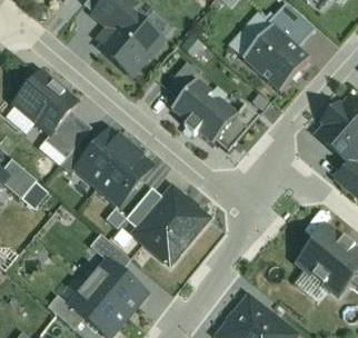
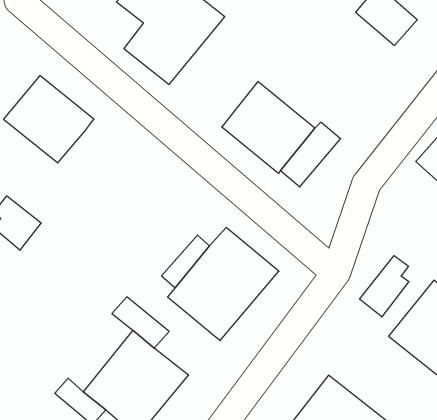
building: [238,23,307,91] -> none
building: [43,111,89,158] -> none
building: [72,127,152,207] -> none
building: none -> [360,256,409,317]

